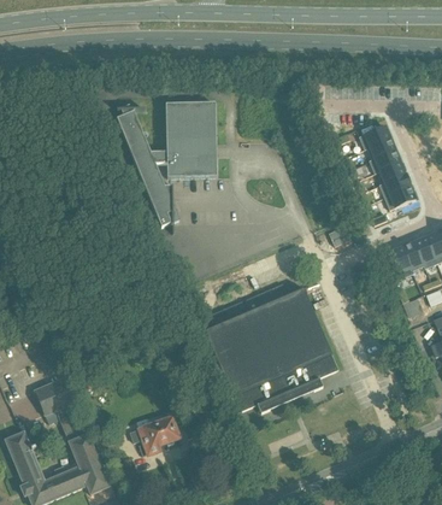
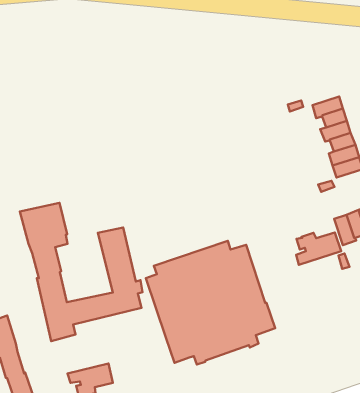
building: [116,104,216,227] -> none
building: none -> [20,203,142,341]
building: none -> [296,232,341,265]

